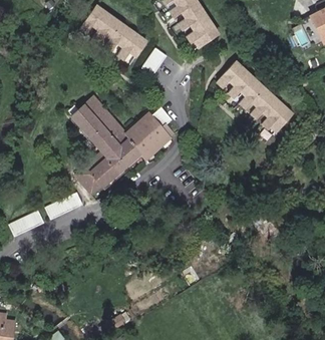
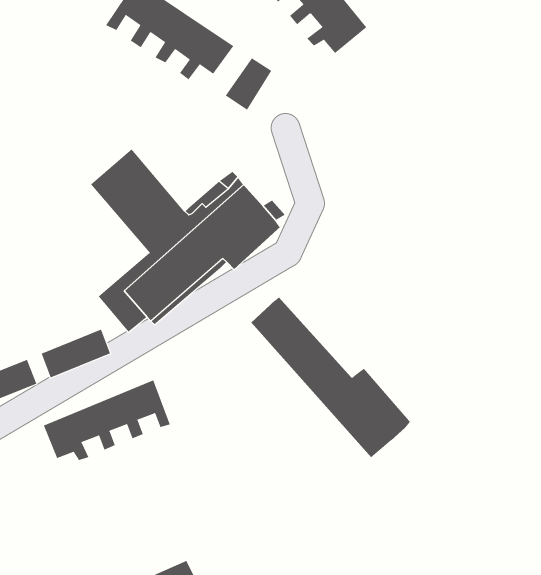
building: [217,60,292,129] -> none
building: none -> [250,297,412,458]
building: none -> [43,380,171,461]

